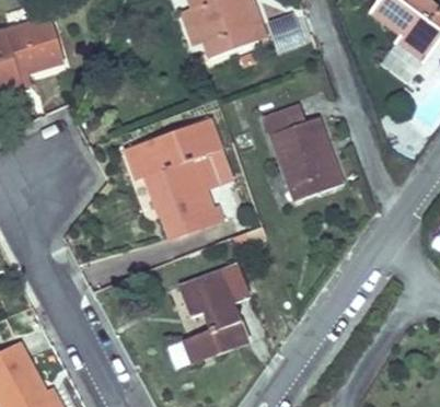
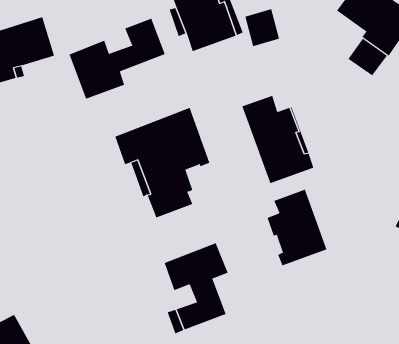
building: none -> [69,18,165,100]
building: none -> [267,189,327,266]

